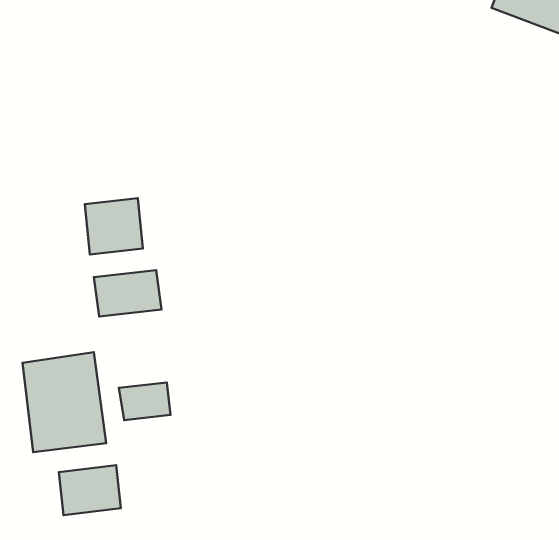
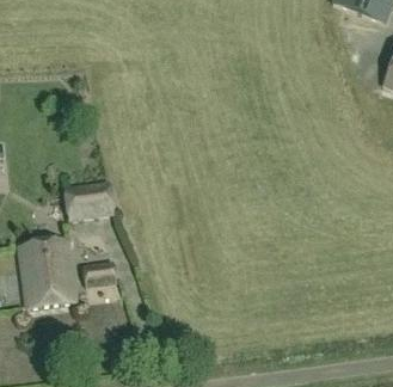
building: [85,198,143,254] -> none
building: [59,465,121,515] -> none

